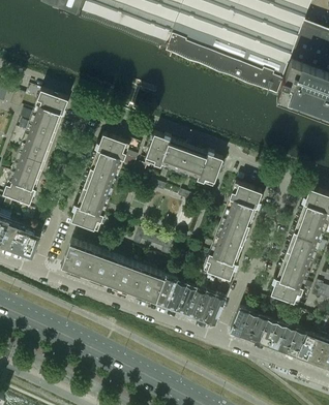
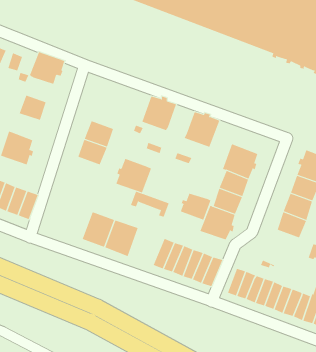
building: [29,115,57,139] -> none
building: [94,133,130,168] -> none
building: [172,142,198,172] -> none
building: [16,151,43,178] -> none
building: [71,194,108,229] -> [116,158,152,193]
building: none -> [180,193,211,220]
building: [61,240,95,277] -> none
building: [131,266,166,303] -> none
building: [271,268,307,303] -> none

